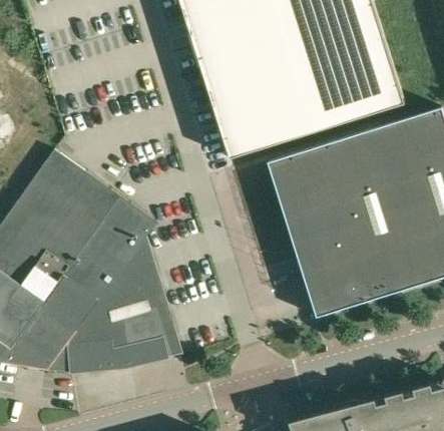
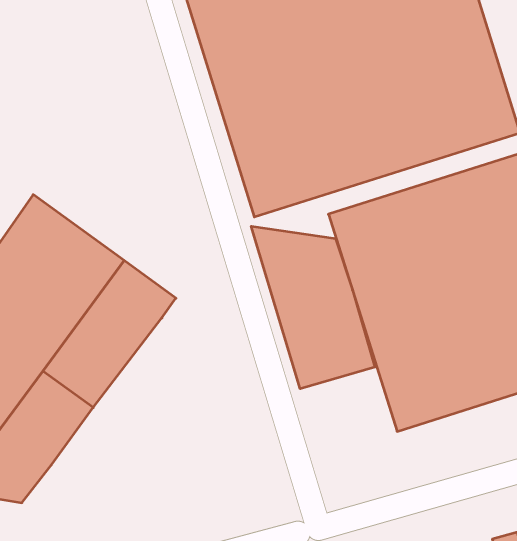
building: none -> [251,226,375,389]
building: [48,237,183,371] -> none

